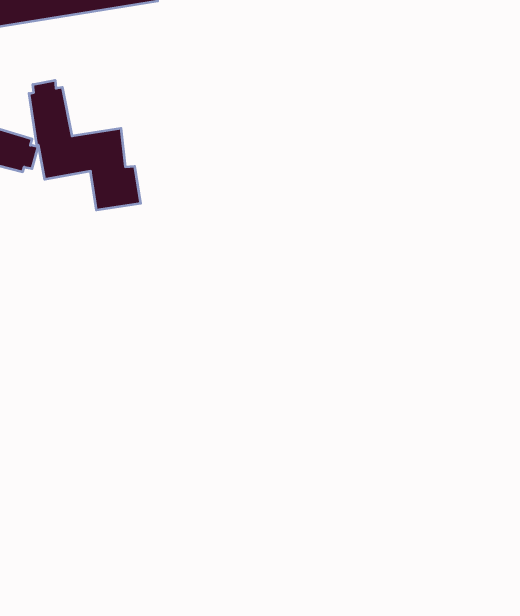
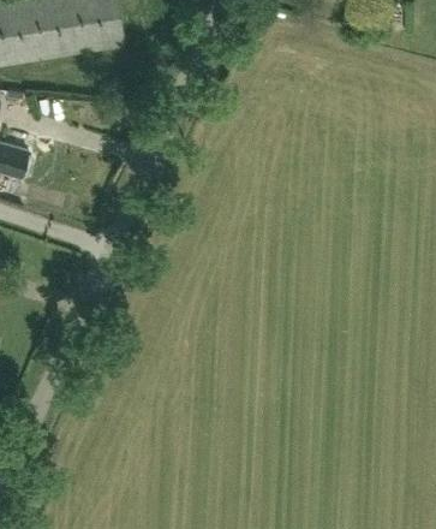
building: [29,80,141,210] -> none

